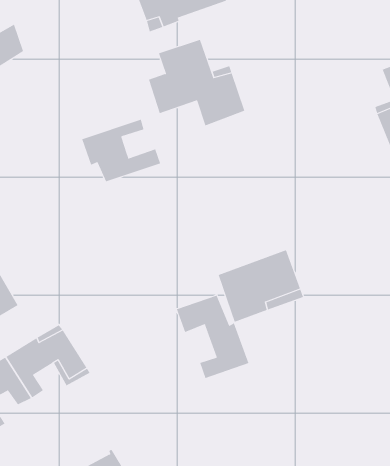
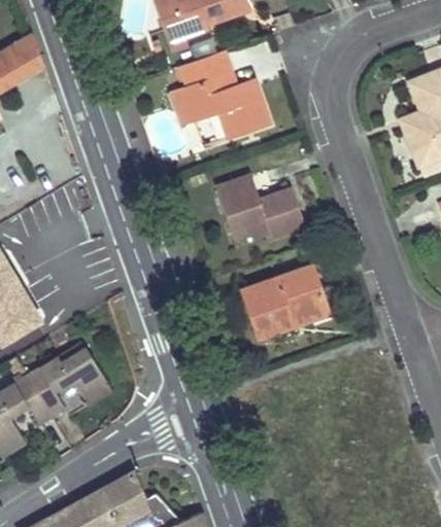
building: [82,119,161,182] -> none
building: none -> [215,174,304,240]
building: [176,295,249,379] -> none

